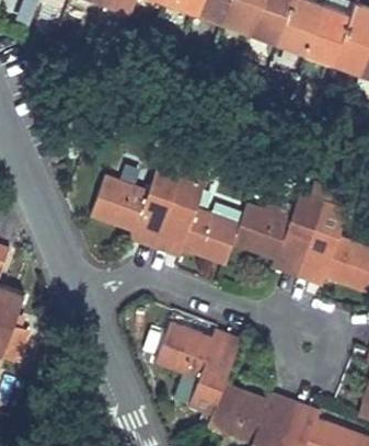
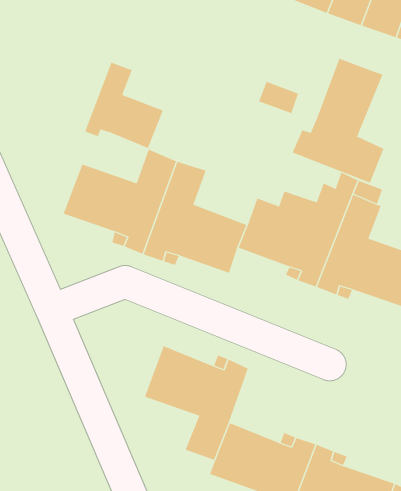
building: none -> [292,58,384,183]
building: none -> [84,62,163,149]

